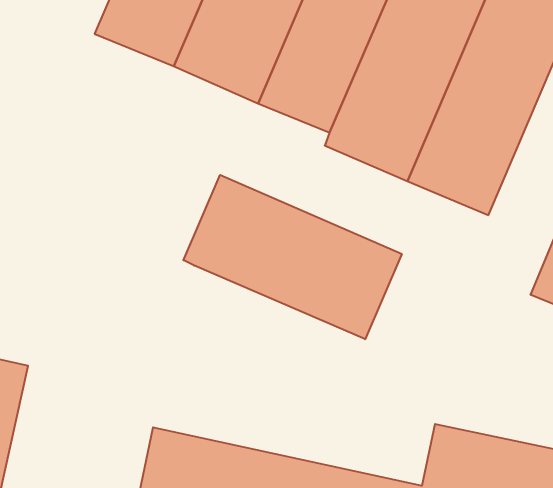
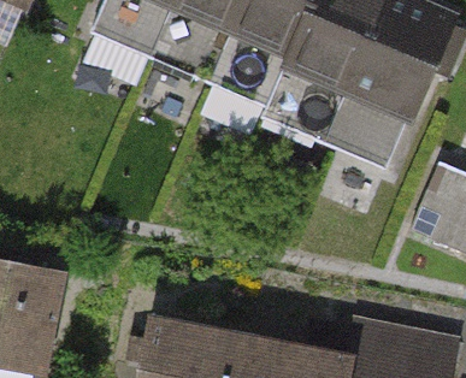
building: [183,175,402,339] -> none

